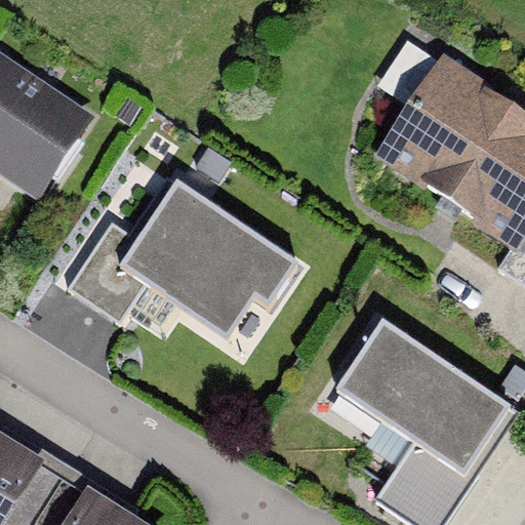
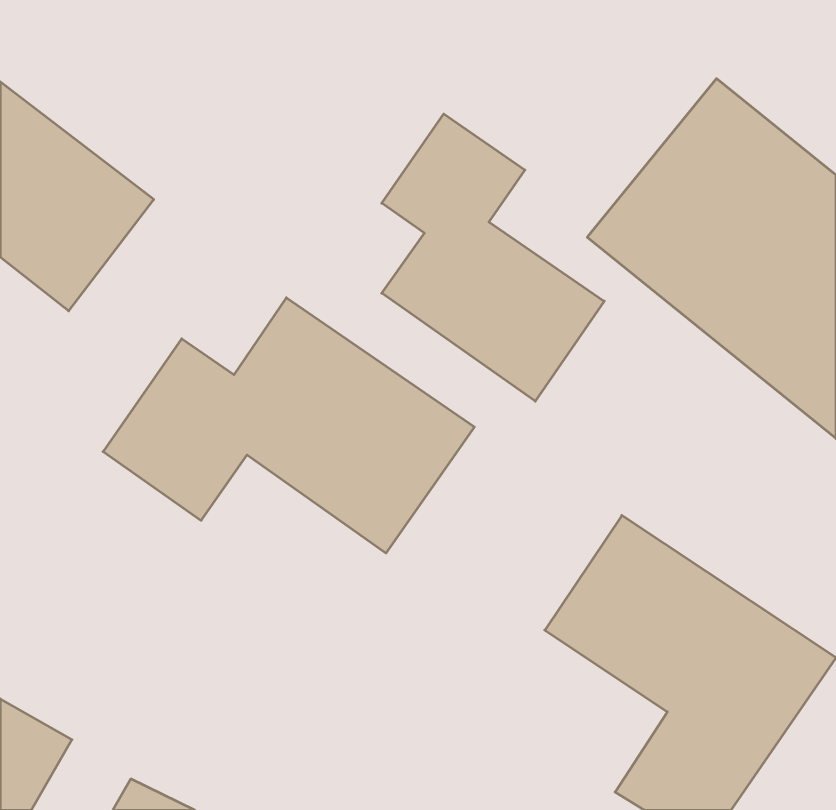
building: none -> [382,114,604,401]

